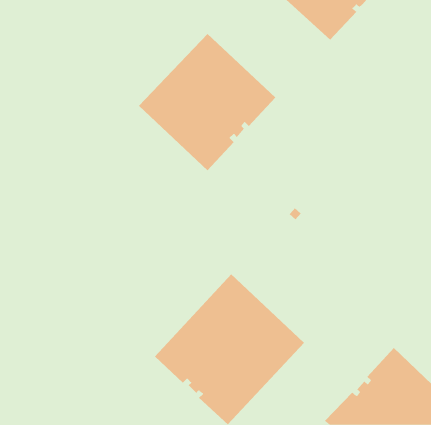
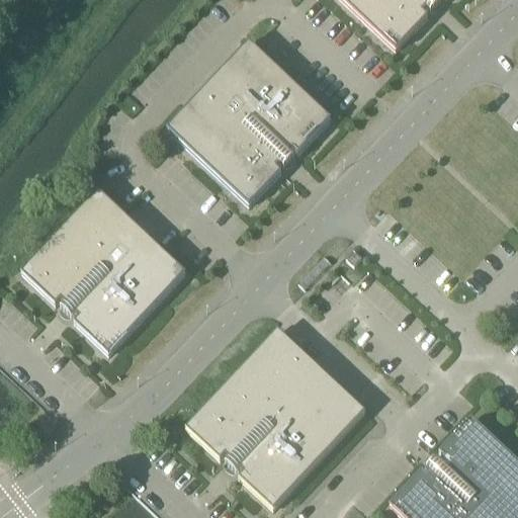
building: none -> [21,188,187,353]

